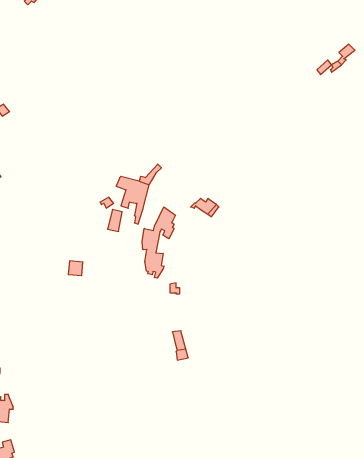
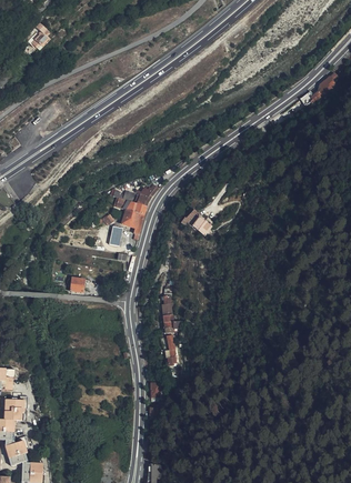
building: [142,207,175,278] -> none

